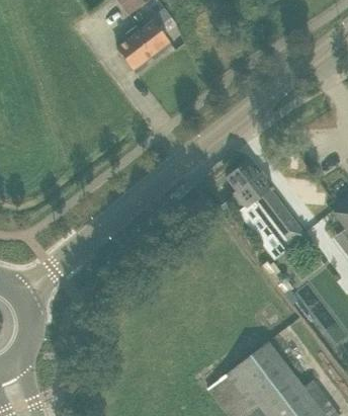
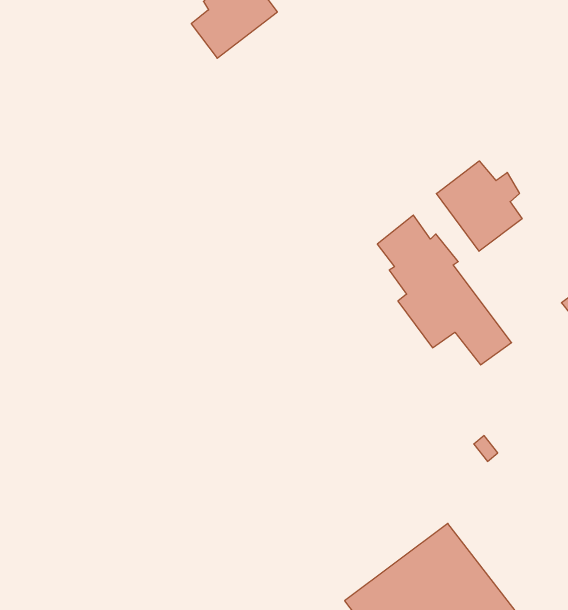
building: none -> [436,161,522,251]

